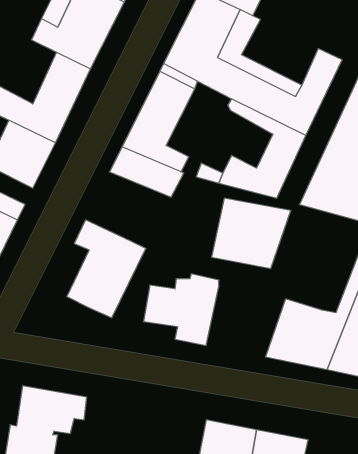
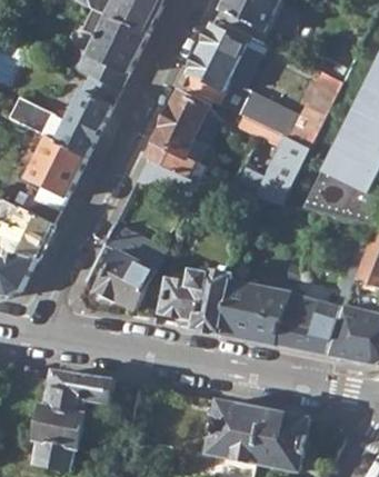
building: [212,198,291,269] -> [219,281,289,344]

